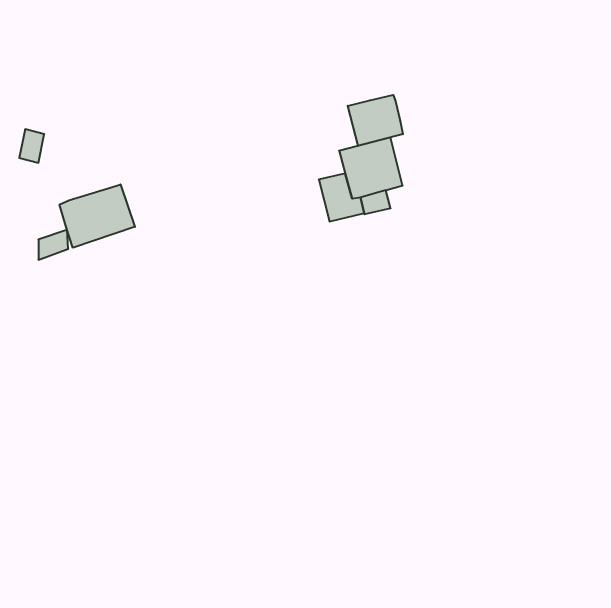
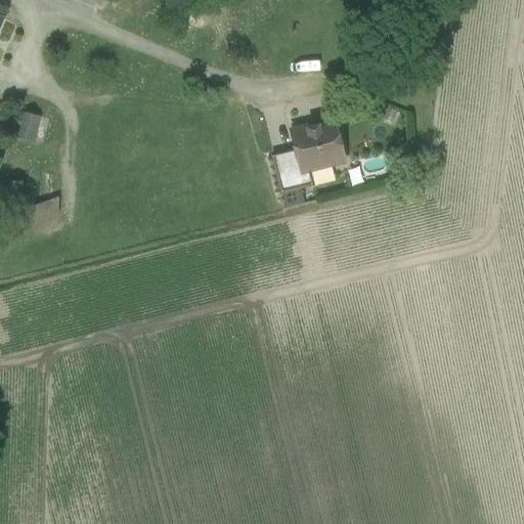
building: [348,95,403,146] -> none
building: [60,184,135,248] -> none

